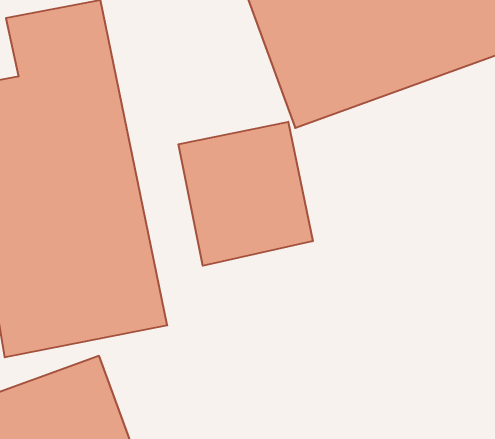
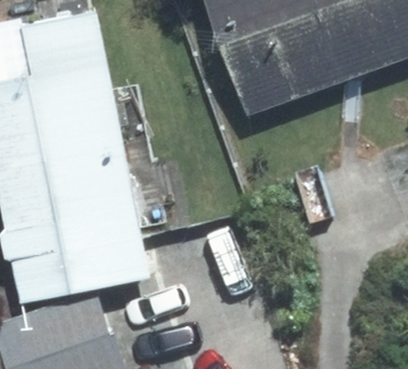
building: [178,122,313,266] -> none

